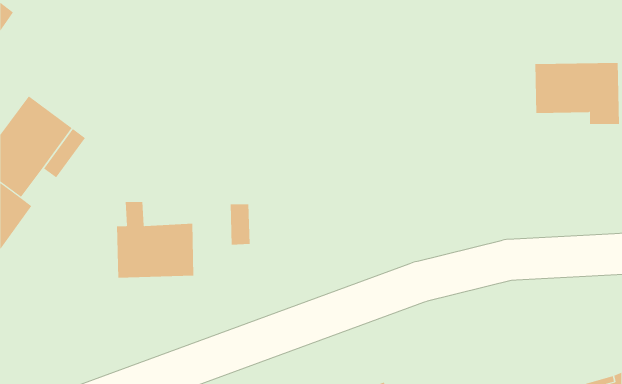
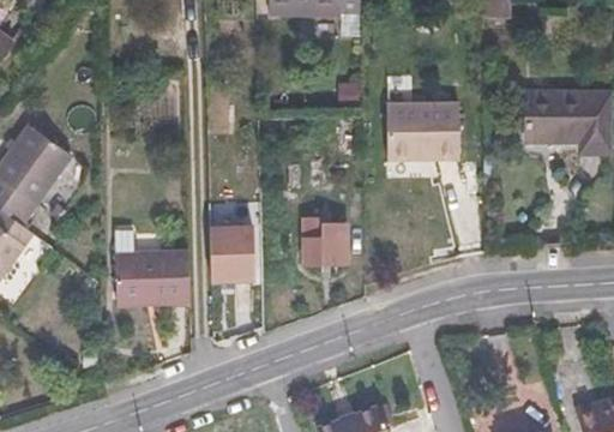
building: none -> [386,102,459,158]
building: none -> [303,220,348,263]

